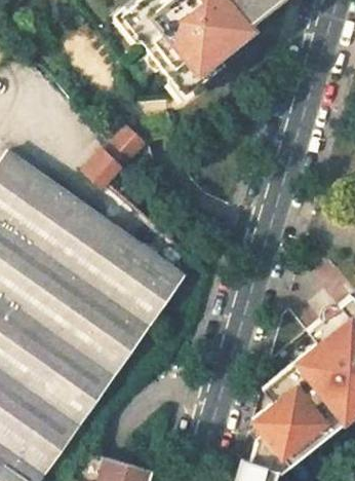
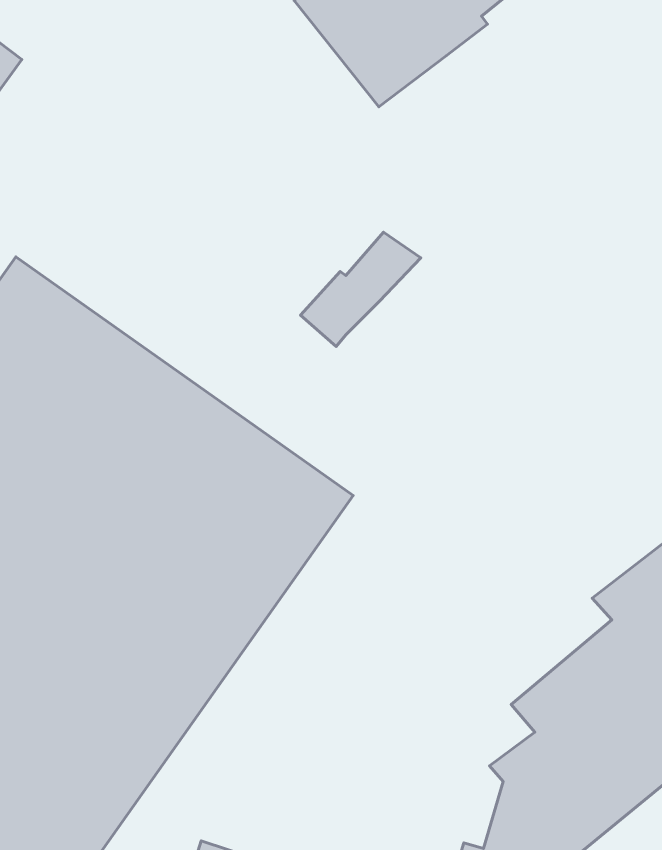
building: [84,127,147,187] -> [301,232,421,347]

